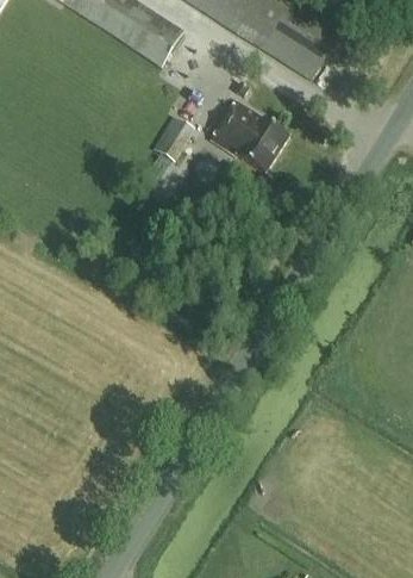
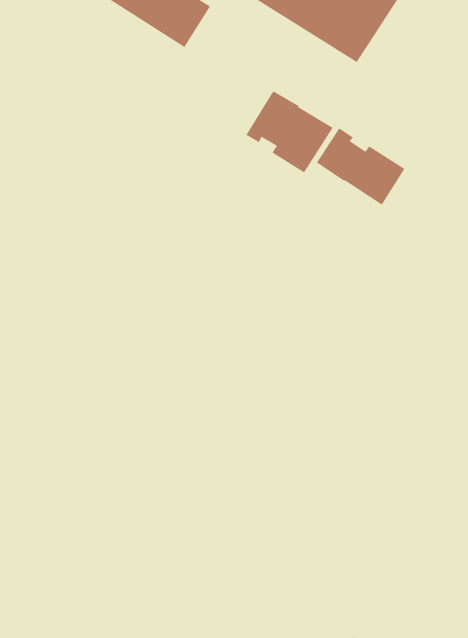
building: [151,113,194,161] -> none
building: none -> [316,127,405,206]

